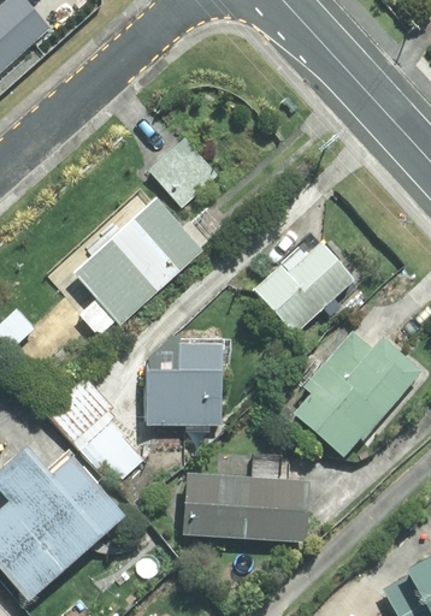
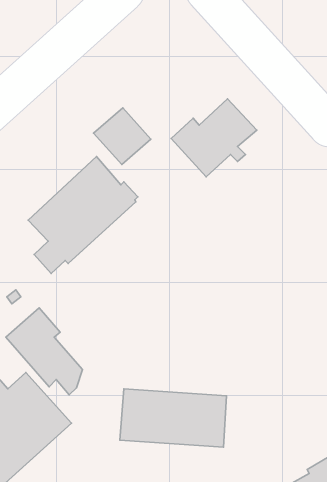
building: [253,241,355,333] -> [171,99,257,177]
building: [294,330,420,456] -> none
building: [146,342,222,432] -> none

